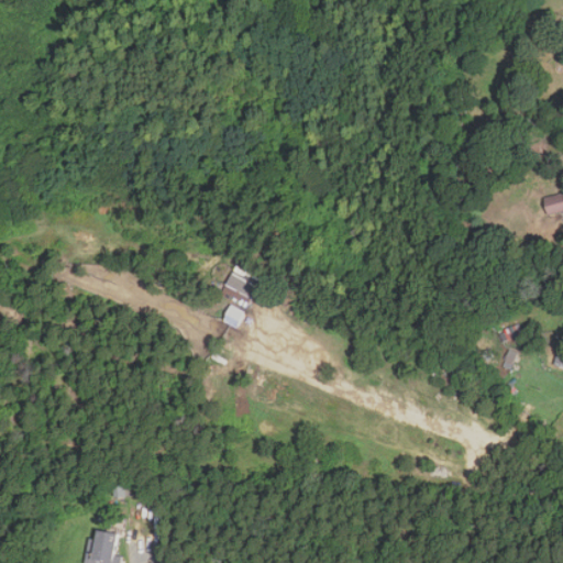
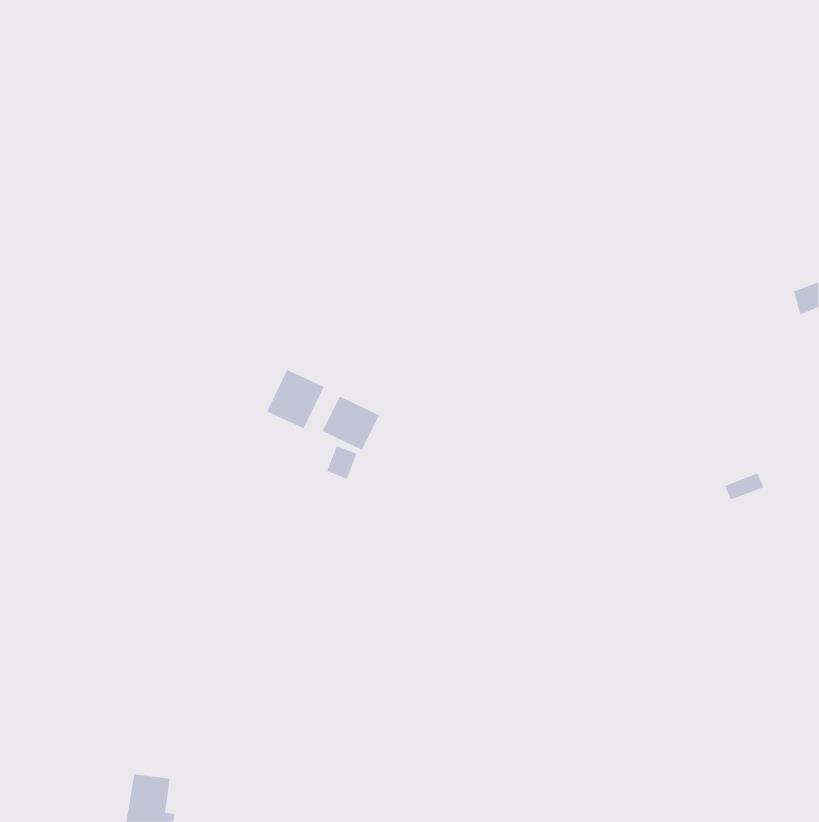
building: none -> [266,369,324,429]

